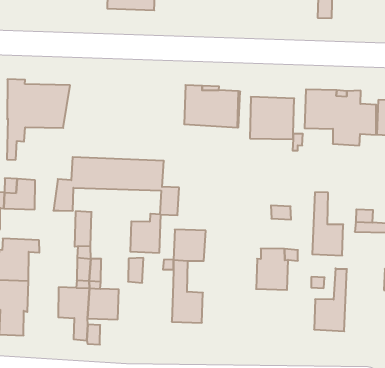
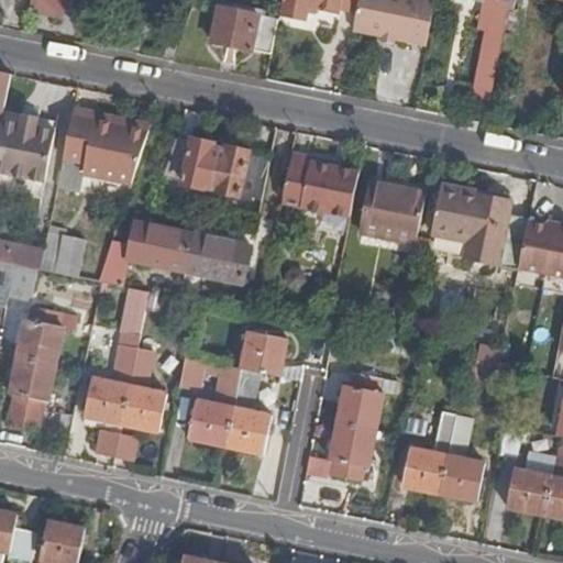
building: none -> [162,135,269,198]
building: [312,192,343,255] -> [438,417,483,501]
building: [130,214,161,253] -> [188,395,234,445]
building: none -> [328,422,375,479]

